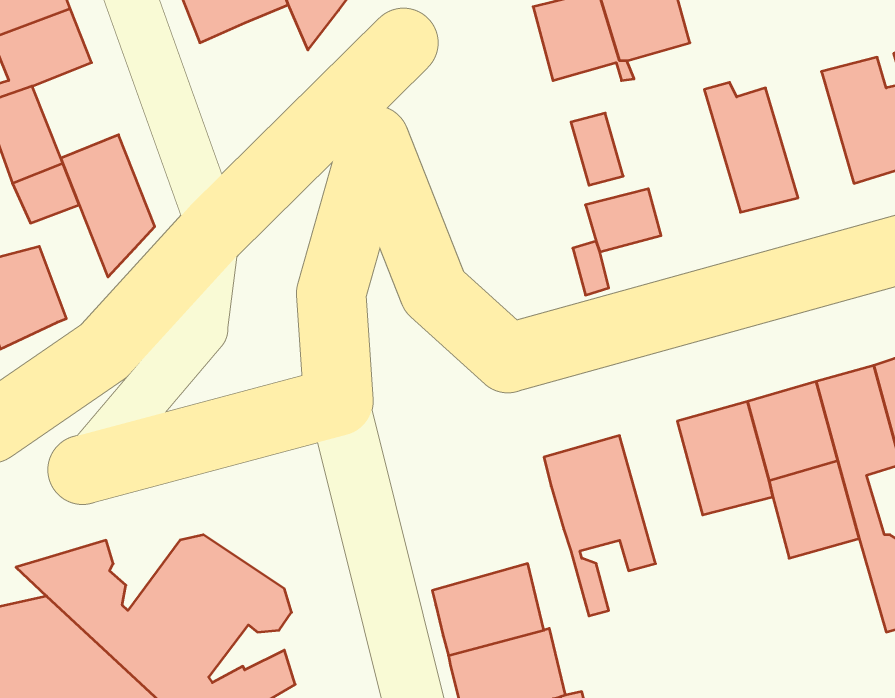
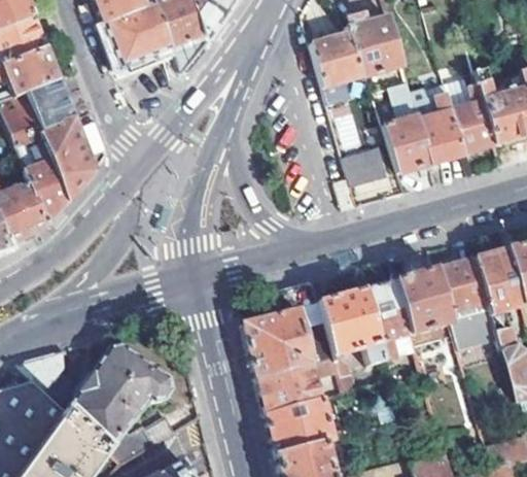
building: none -> [27,76,76,131]
building: none -> [382,81,431,172]
building: none -> [446,81,496,154]
building: none -> [26,158,70,223]
building: none -> [362,281,410,363]
building: none -> [242,282,335,378]

